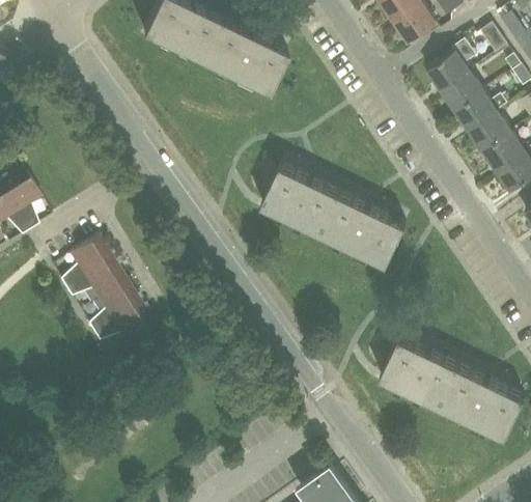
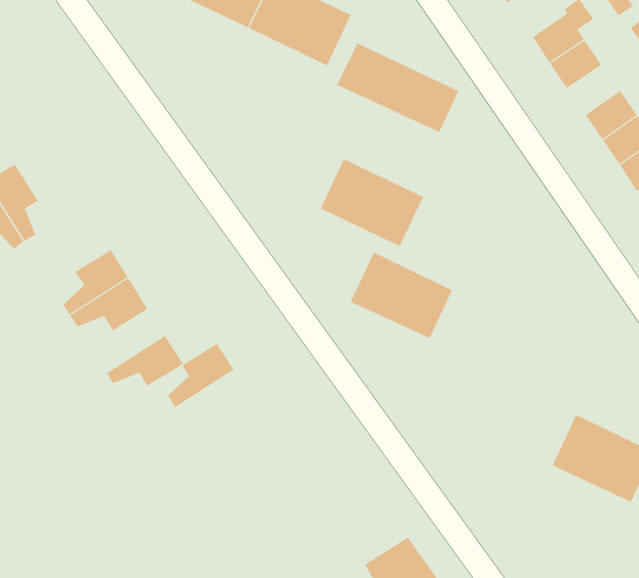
building: none -> [337,43,459,133]
building: [455,92,506,132] -> none
building: [325,196,406,264] -> [350,252,453,339]
building: [87,284,140,335] -> [167,343,234,408]
building: [382,337,463,408] -> none

